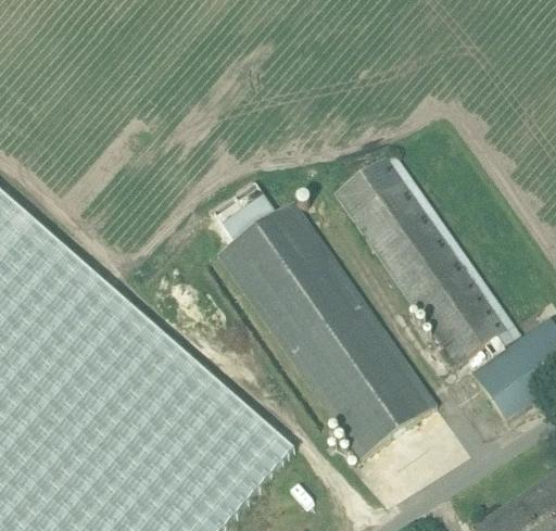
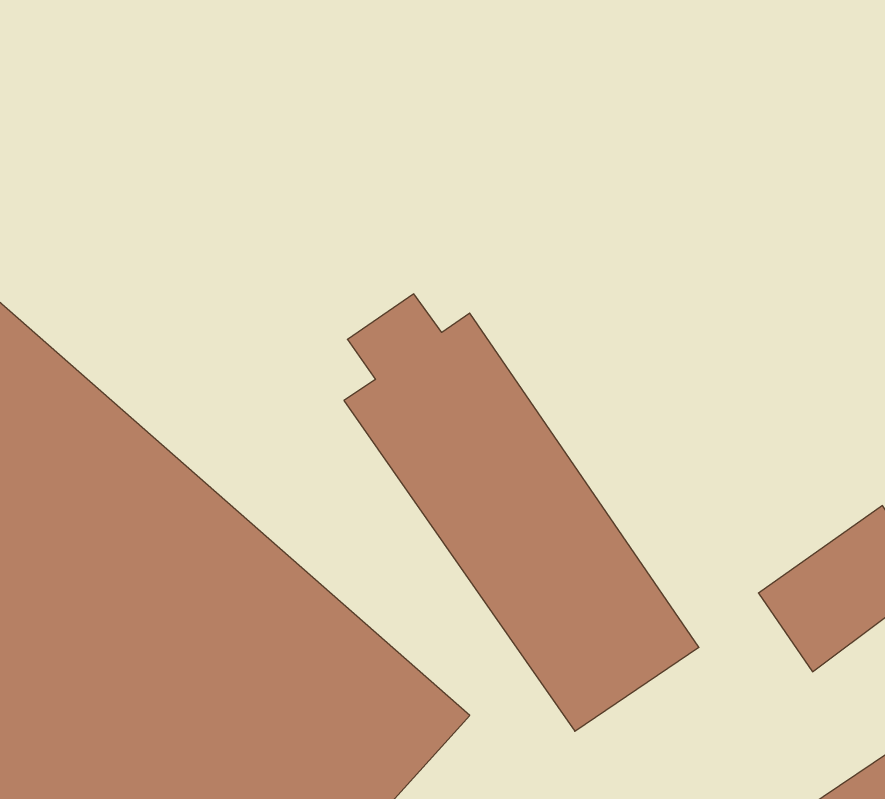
building: [336,151,522,367] -> none

